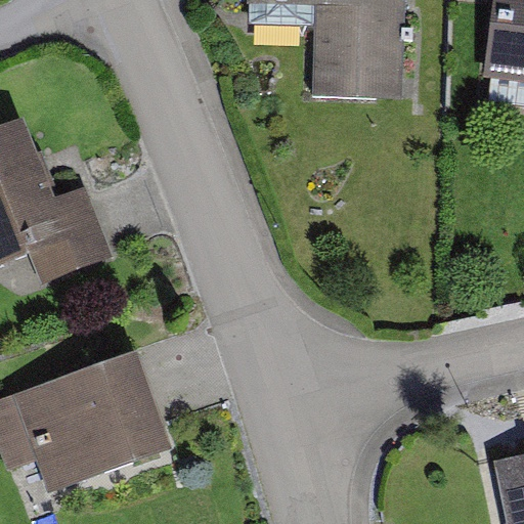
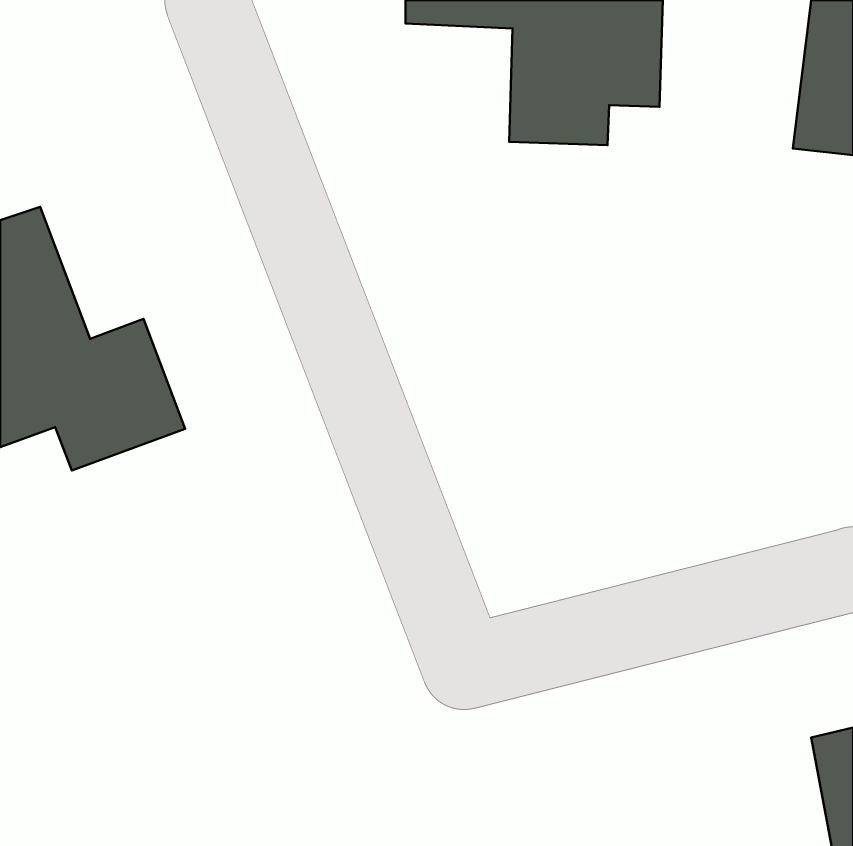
building: [18,349,164,483] -> none

